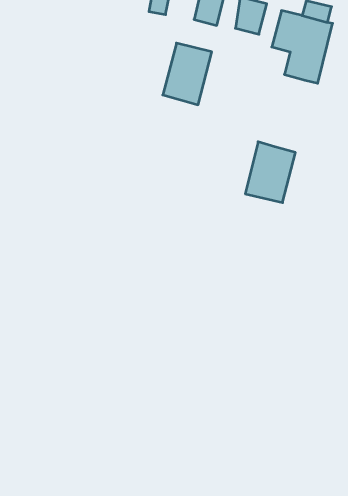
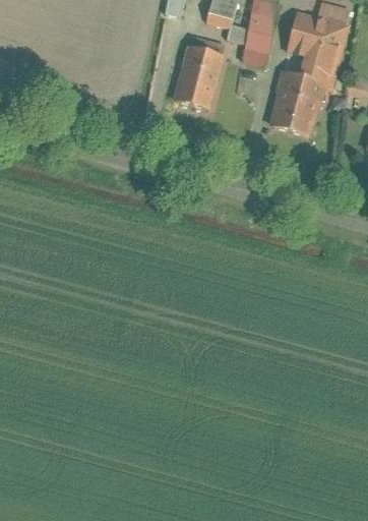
building: none -> [242,30,272,65]
building: [245,142,295,203] -> [268,72,320,135]

